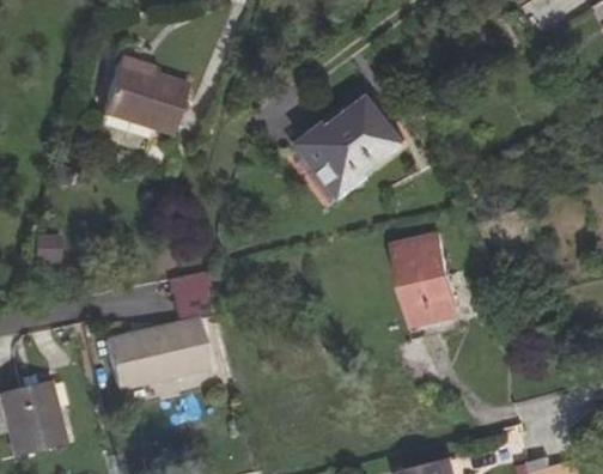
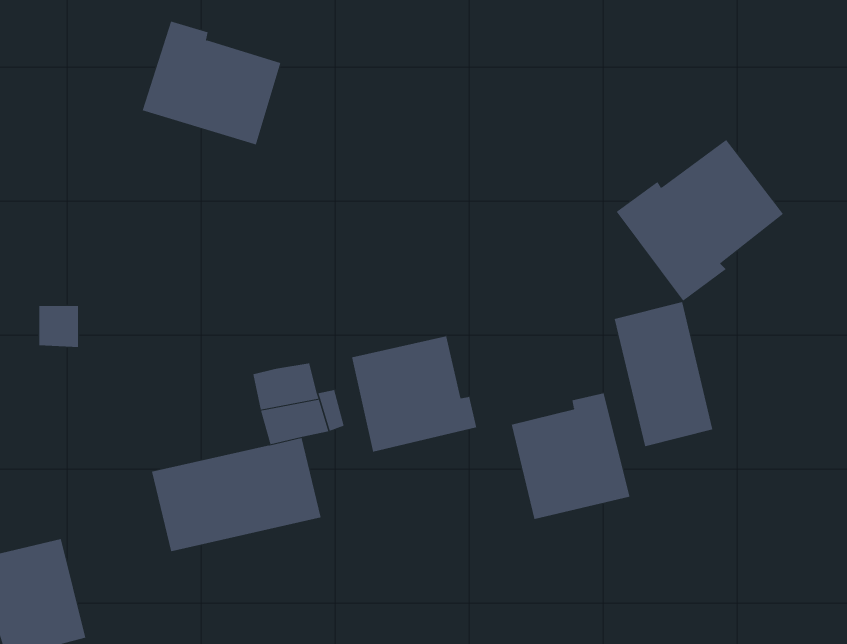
building: [299,95,404,196] -> [616,139,784,302]
building: none -> [352,336,477,453]
building: none -> [511,392,630,520]

